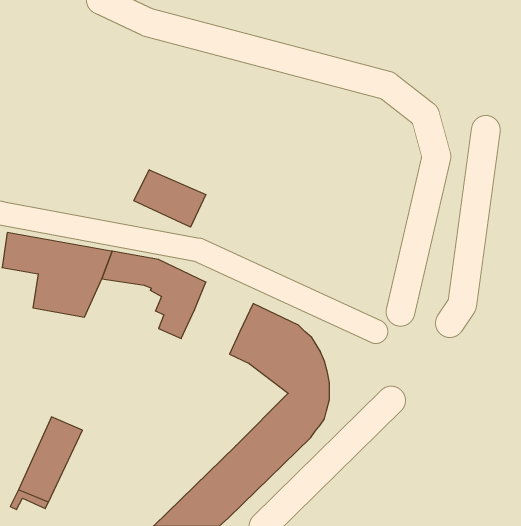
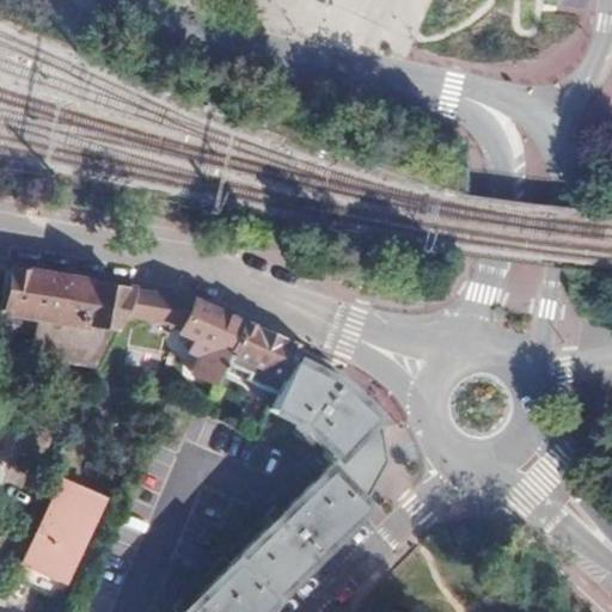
building: [134,170,206,227] -> none
building: none -> [232,328,300,385]

